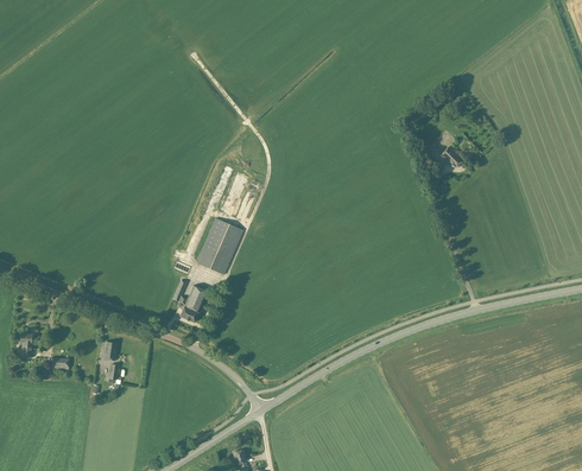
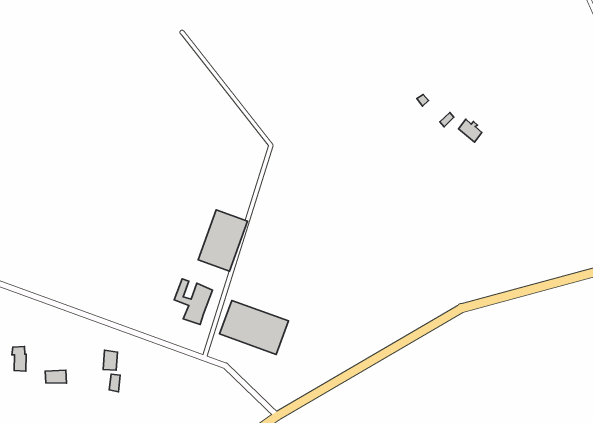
building: none -> [220,300,289,355]

